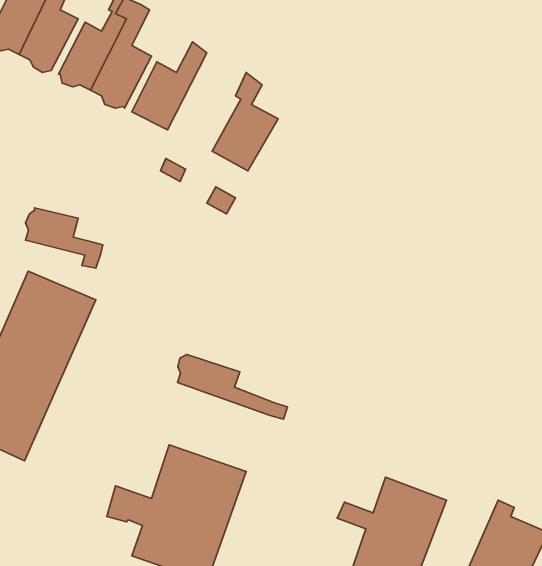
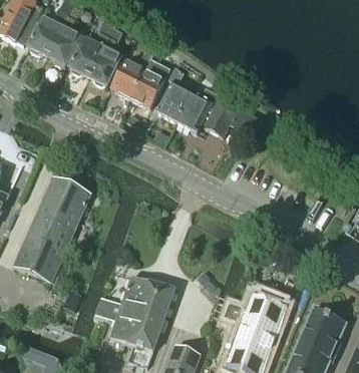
building: none -> [130,54,169,106]
building: none -> [175,88,261,134]
building: [25,208,103,268] -> none
building: [177,354,288,419] -> none

